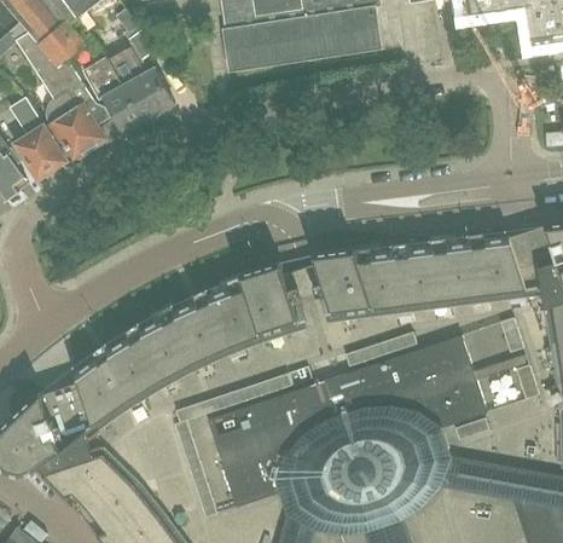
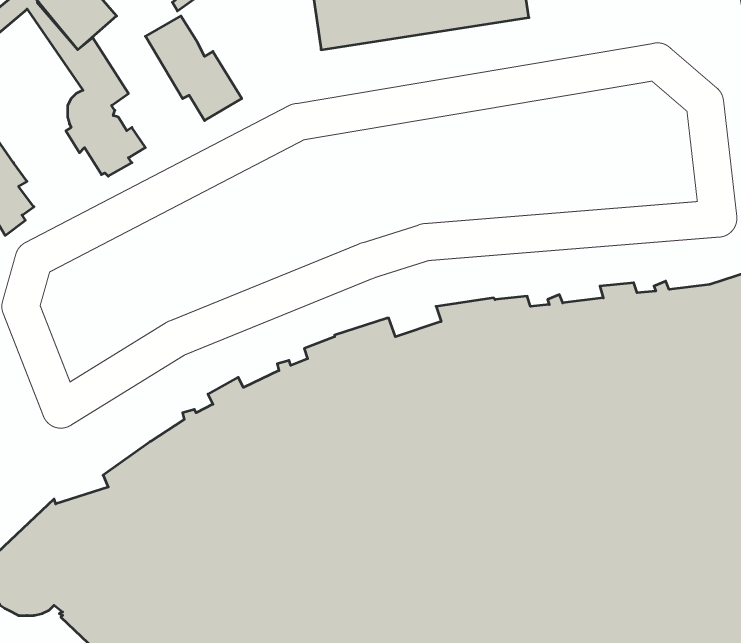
building: [83,58,147,132] -> none
building: [10,97,65,177] -> none

